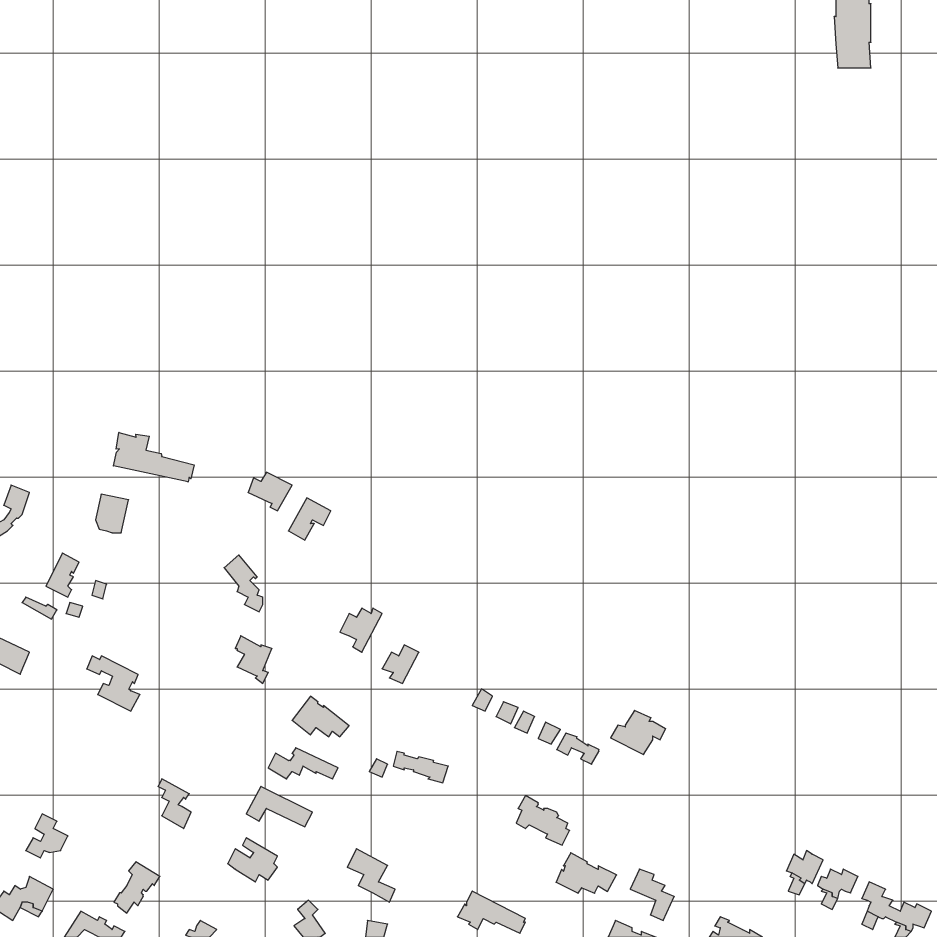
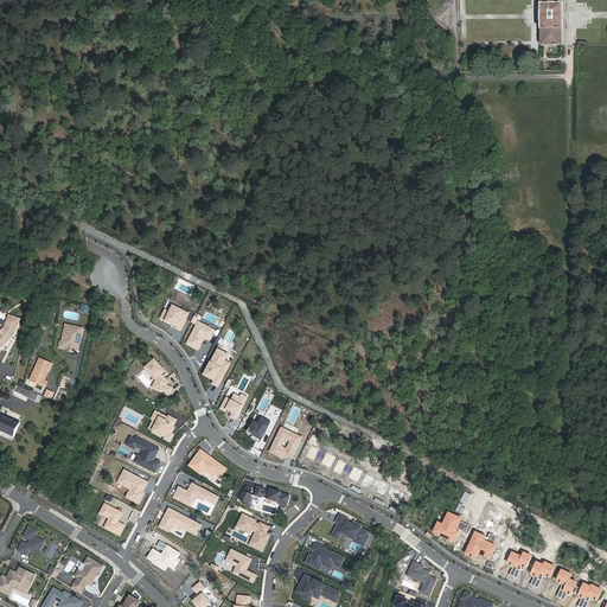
building: [113,432,194,482] -> none
building: none -> [203,347,229,386]
building: [87,656,140,711] -> [126,436,160,472]
building: none -> [268,426,301,458]
building: [611,710,666,755] -> [433,512,468,541]
building: none -> [116,468,147,503]
building: none -> [236,513,269,550]
building: none -> [466,532,497,558]
building: [556,853,617,893] -> [306,542,345,568]

